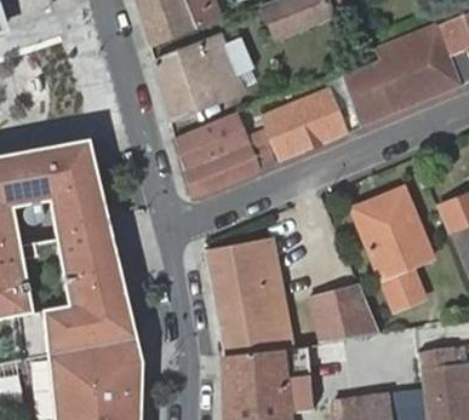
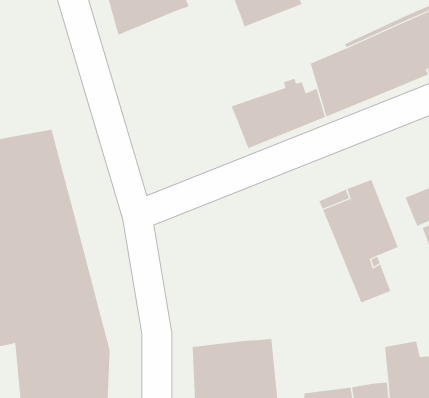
building: [155,36,244,120] -> none
building: [177,113,281,191] -> none
building: [206,241,291,356] -> none
building: [310,287,378,344] -> none

